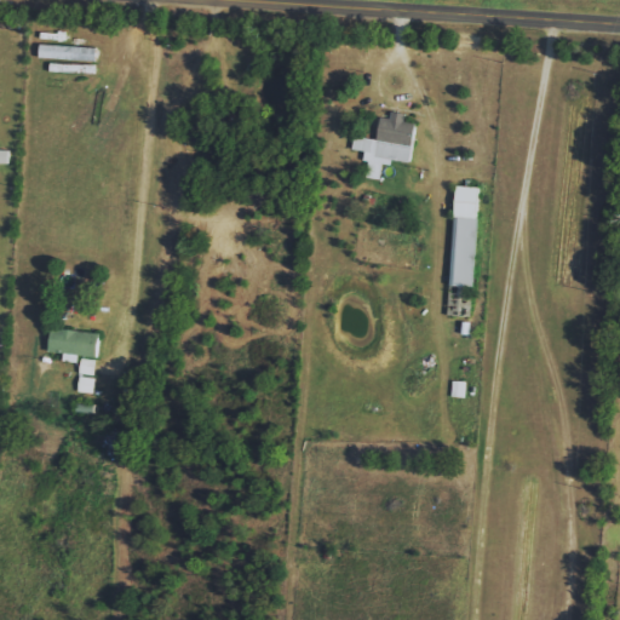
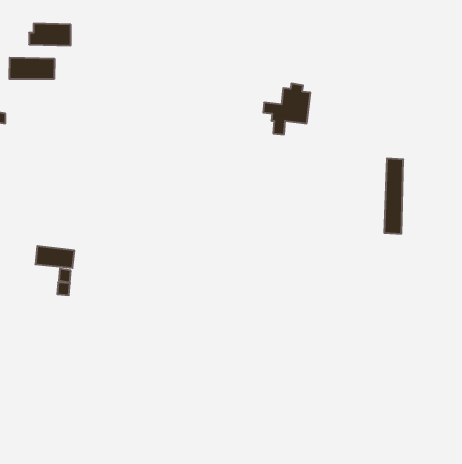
building: none -> [9,58,54,79]
building: [450,186,476,287] -> [384,158,403,234]

